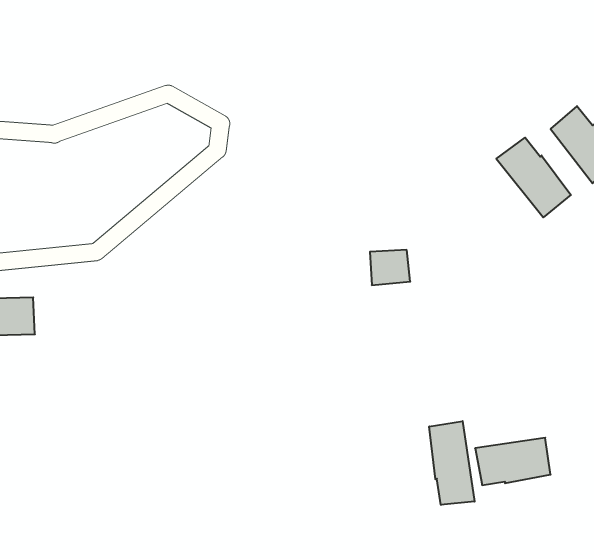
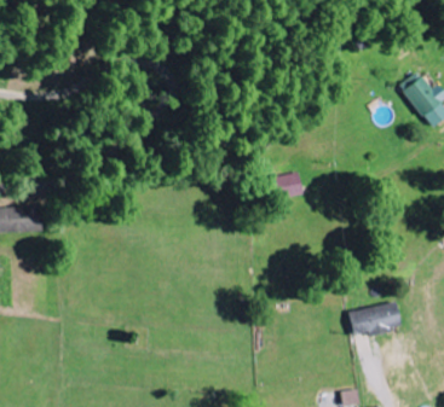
building: [496,138,571,217] -> none
building: [429,421,475,505] -> none

